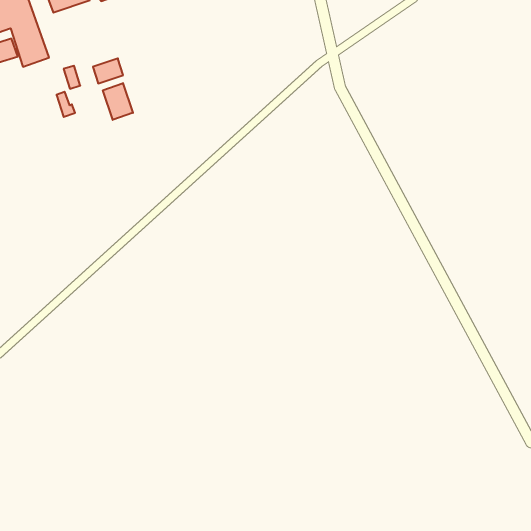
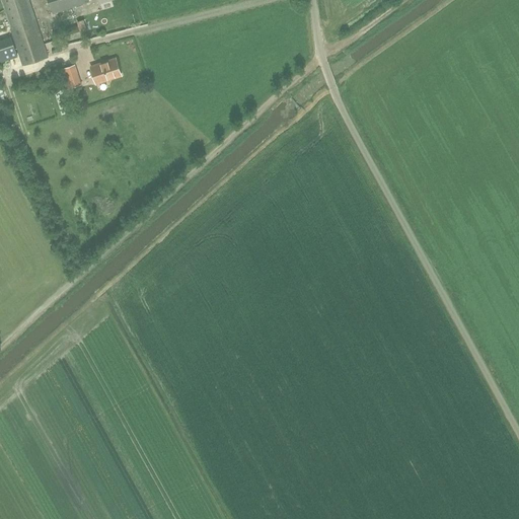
building: [103,83,133,120] -> none

